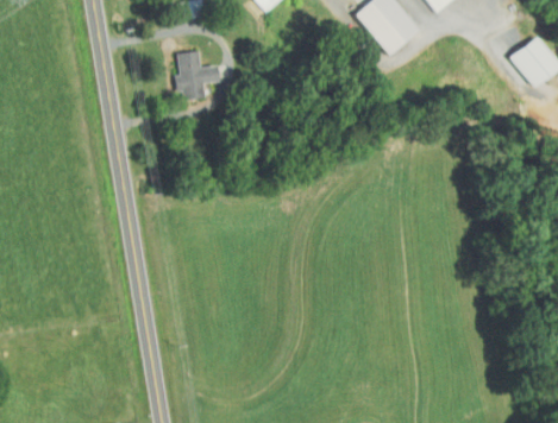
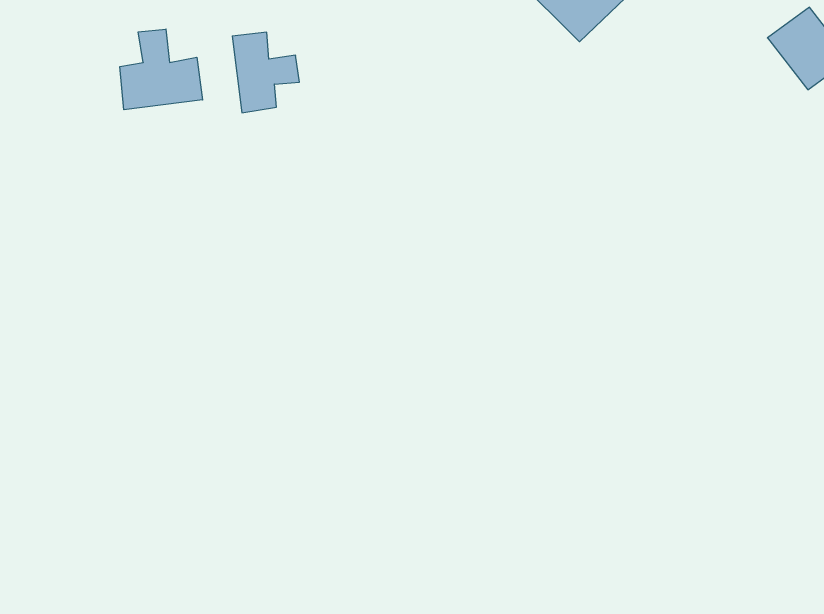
building: none -> [120,29,203,110]

